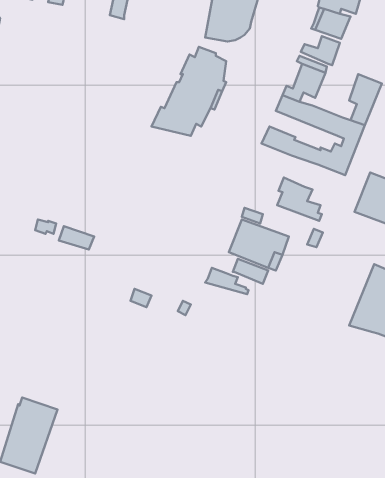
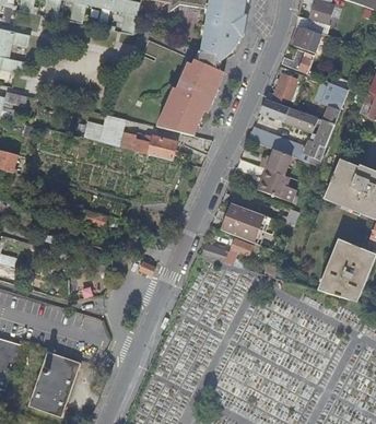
building: none -> [99,114,176,158]
building: none -> [260,149,292,175]

